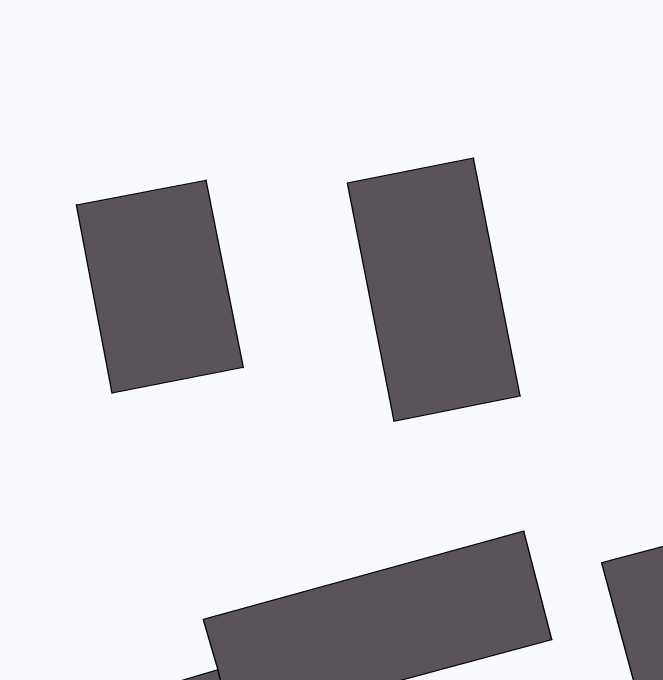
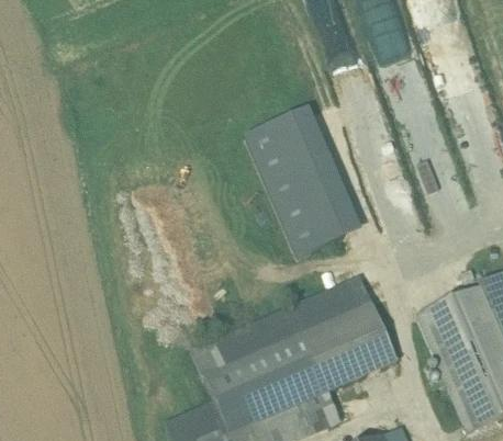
building: [76,180,243,393] -> none
building: none -> [192,278,372,378]

